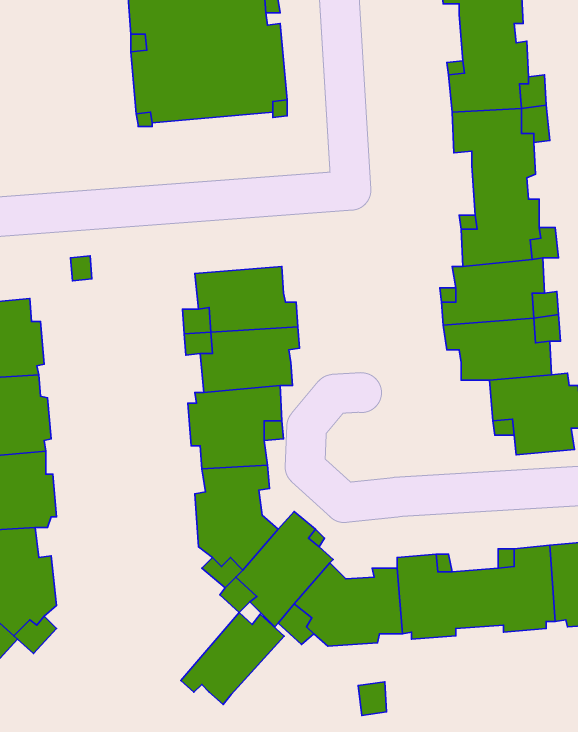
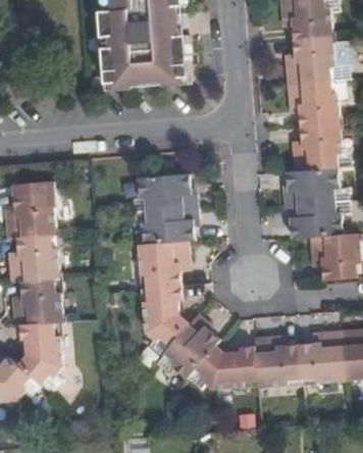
building: [181,613,284,705] -> none

